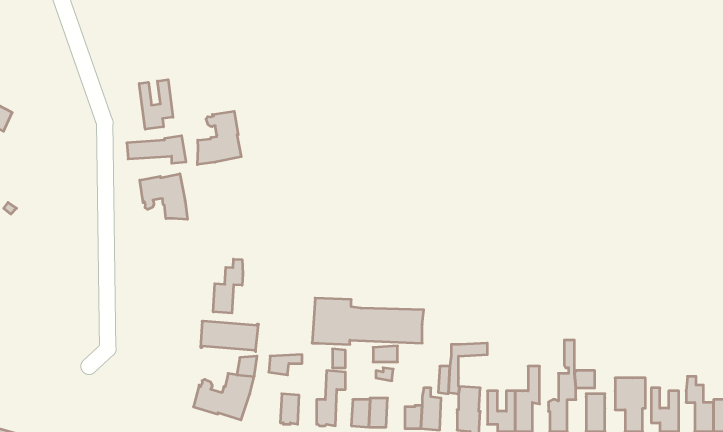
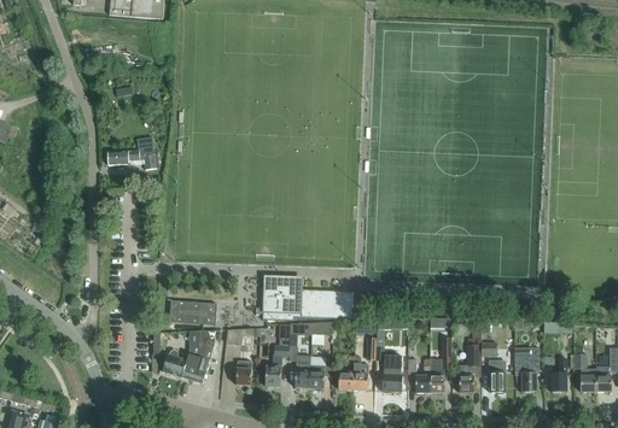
building: [139,80,173,129] -> none
building: [197,111,241,165] -> none
building: [140,174,187,219] -> none
building: [213,259,243,313] -> none

